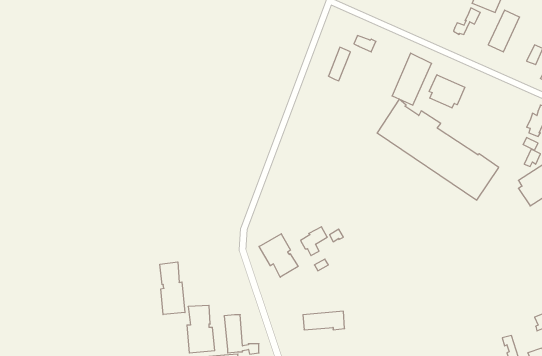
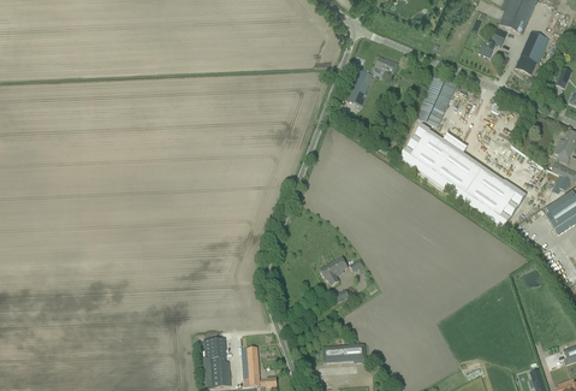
building: [429,75,465,108] -> none
building: [259,234,298,277] -> none
building: [160,262,185,315] -> none

